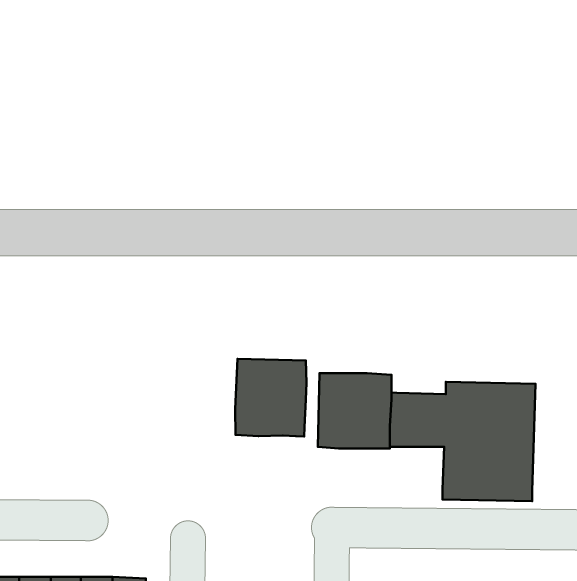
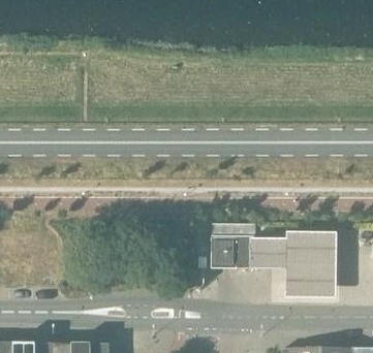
building: [235,359,306,437] -> none

